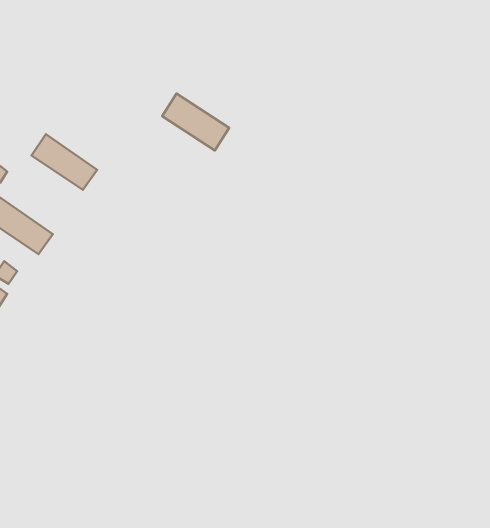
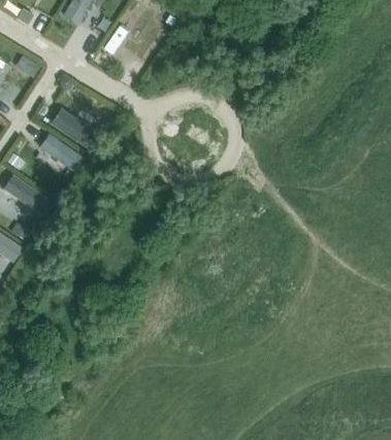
building: [162,94,229,151] -> [50,109,98,150]

